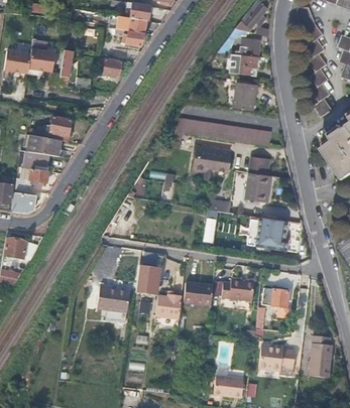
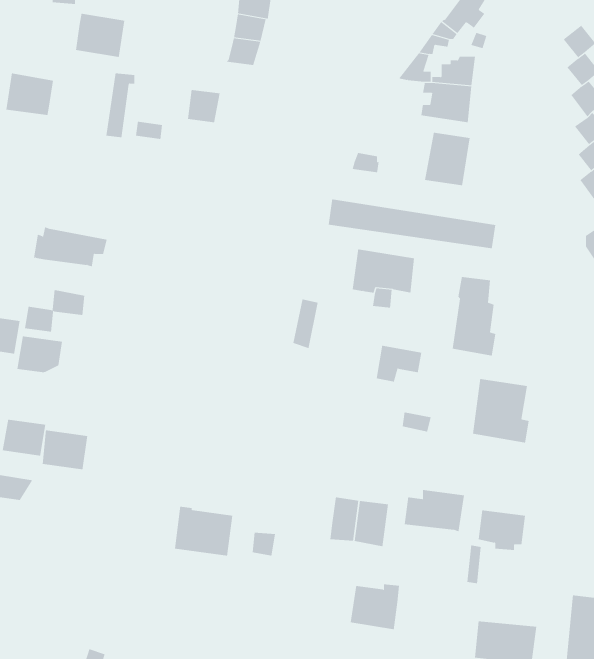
building: [28,47,55,72] -> [75,13,125,58]
building: [28,116,70,141] -> none
building: [22,151,48,170] -> none
building: none -> [42,429,88,470]
building: [135,264,157,293] -> none
building: [154,293,182,318] -> [350,584,400,630]

